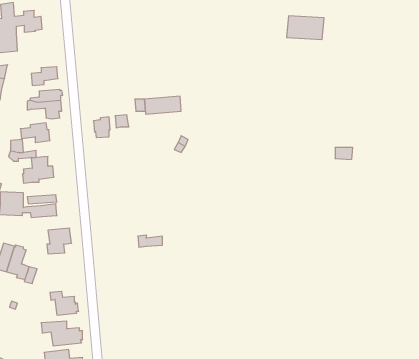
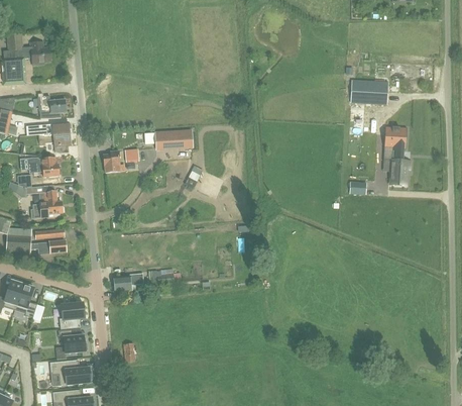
building: [287,16,324,40] -> [349,80,387,104]
building: none -> [383,126,409,185]
building: [47,228,72,254] -> [59,302,84,328]
building: none -> [113,273,142,291]

